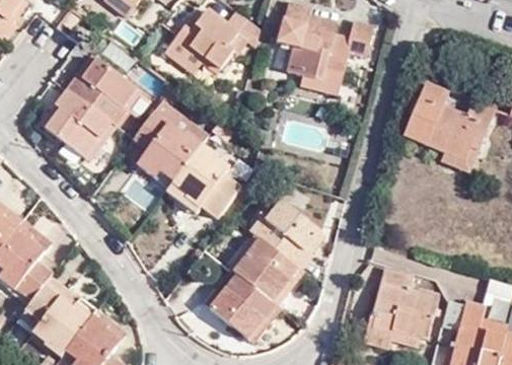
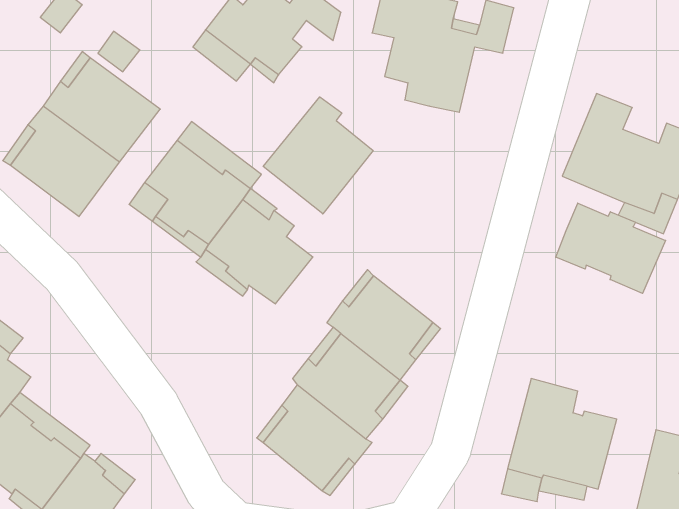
building: none -> [263,97,373,214]
building: none -> [556,203,666,293]

